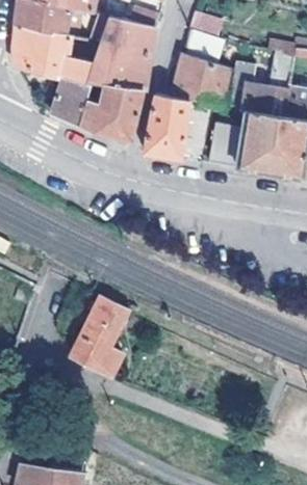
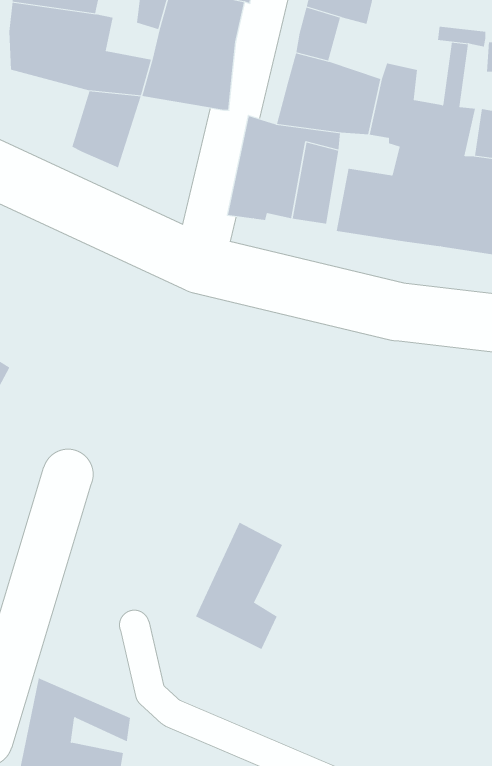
building: [77,82,139,139] -> none
building: [74,300,126,376] -> [195,522,283,650]

